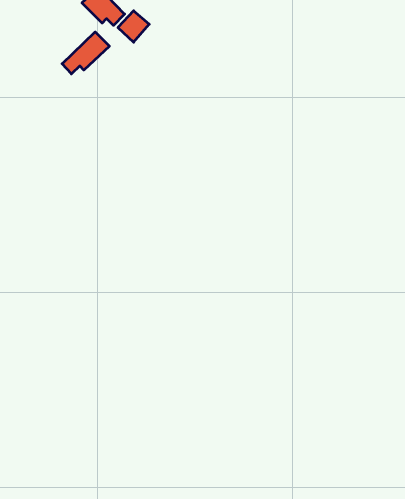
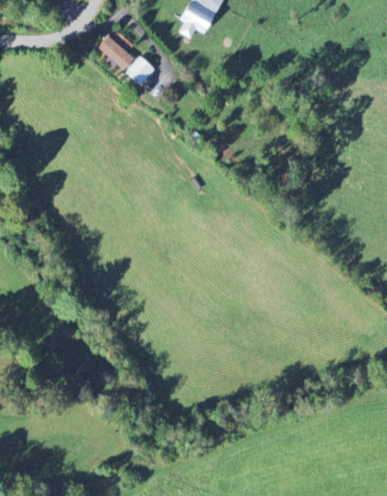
building: [62,32,109,74] -> none

